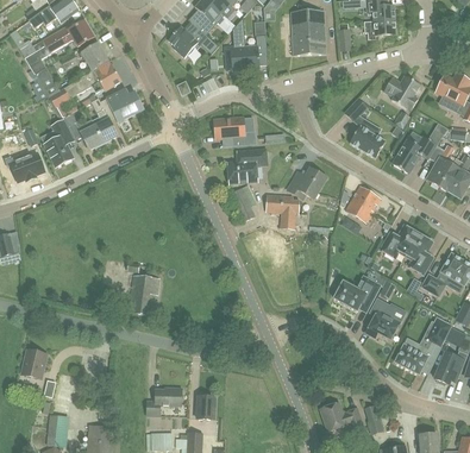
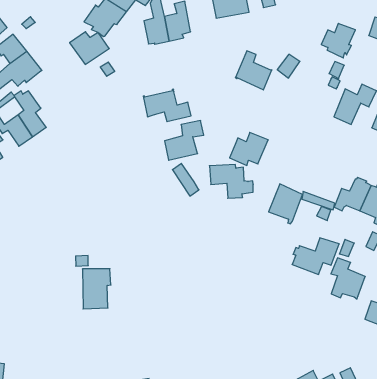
building: [105,89,142,120] -> [70,32,109,64]
building: [349,118,384,157] -> [235,51,272,90]
building: [345,184,380,224] -> [269,184,303,224]

